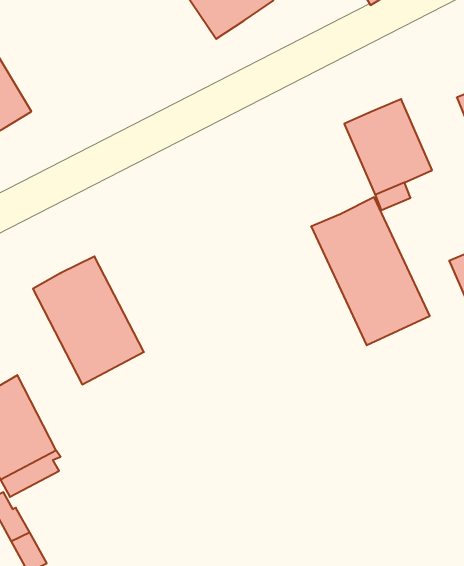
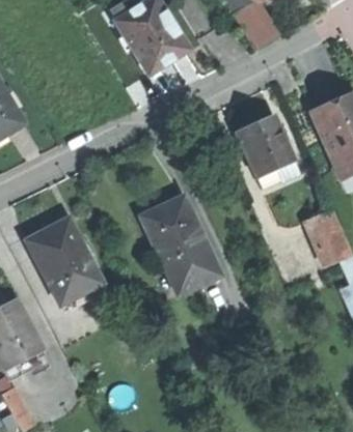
building: [311,197,430,345] -> [140,197,220,296]

